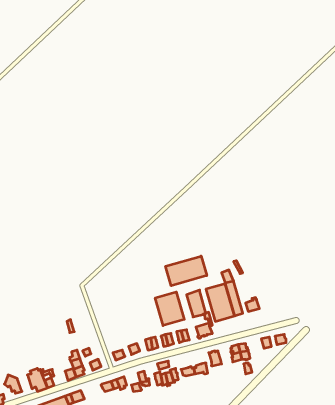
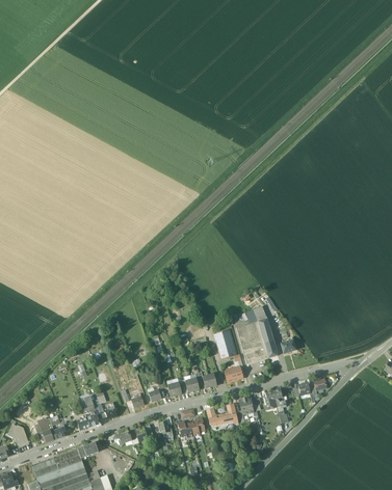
building: [166,256,207,286] -> none
building: [155,292,184,326] -> none

